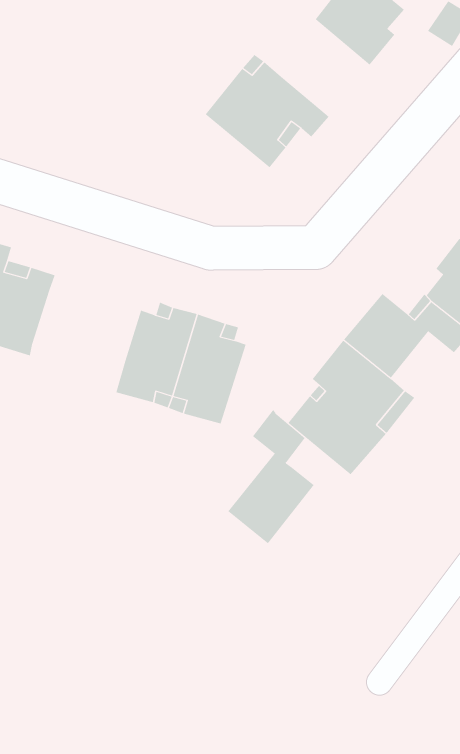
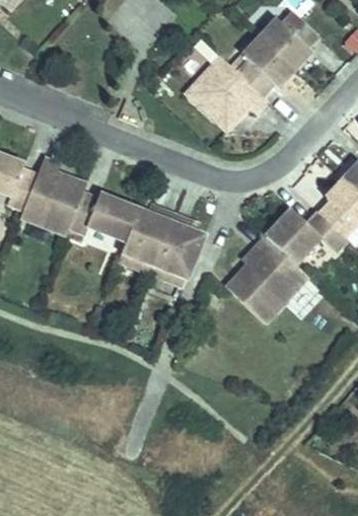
building: none -> [239,34,295,91]
building: none -> [72,193,141,240]
building: [227,409,314,544] -> none

